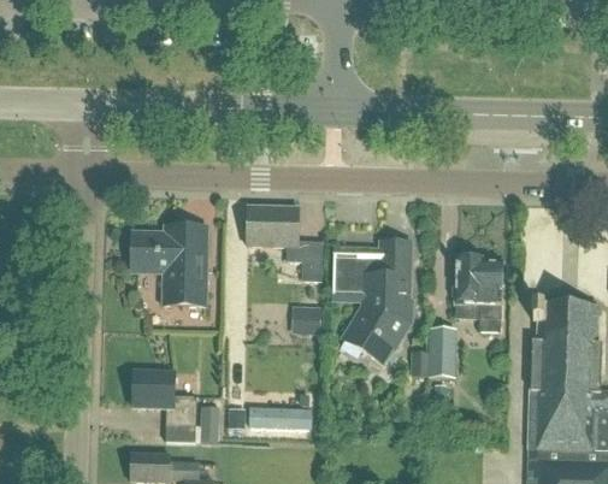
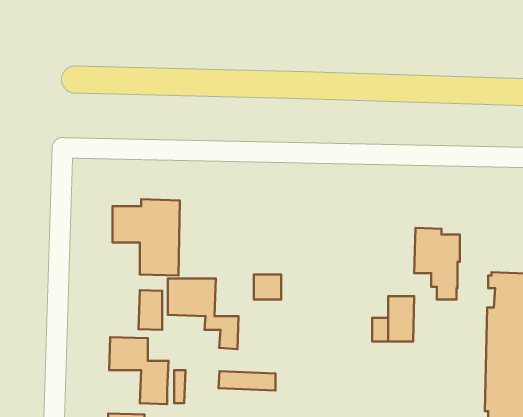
building: [248,206,323,281] -> [168,278,239,349]
building: [333,241,412,362] -> none
building: none -> [139,290,162,330]

